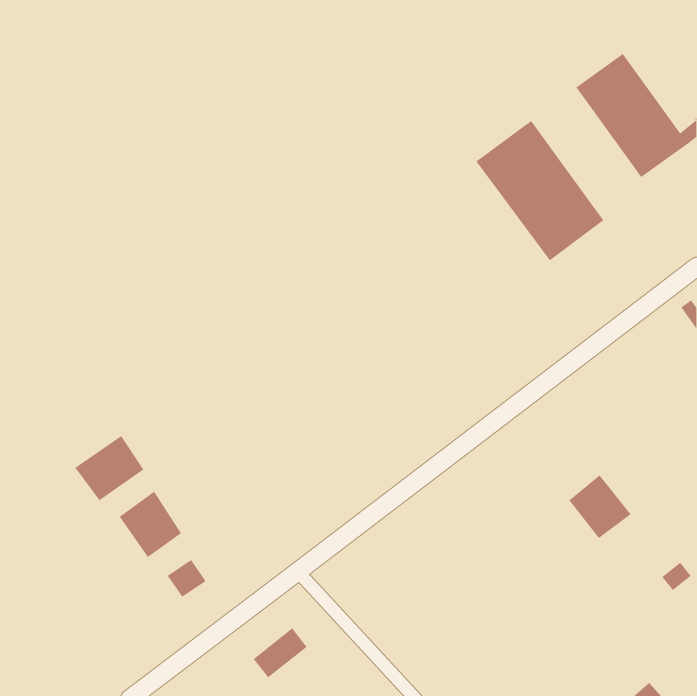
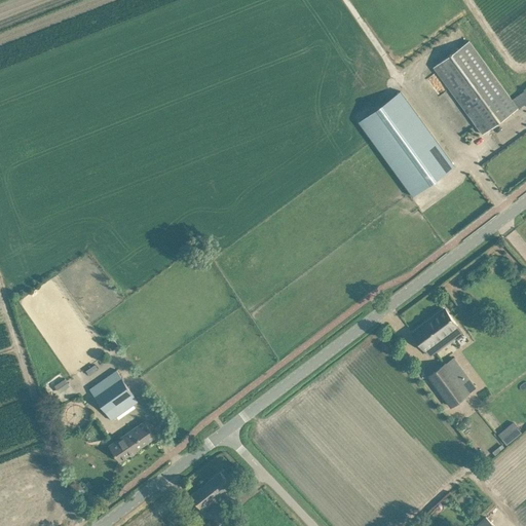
building: none -> [412,310,460,356]
building: [75,435,144,501] -> none
building: none -> [108,435,137,463]

